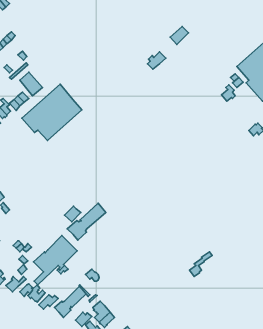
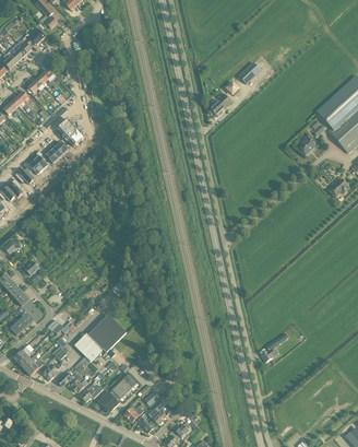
building: [22,84,82,141] -> none
building: [67,203,106,240] -> none

